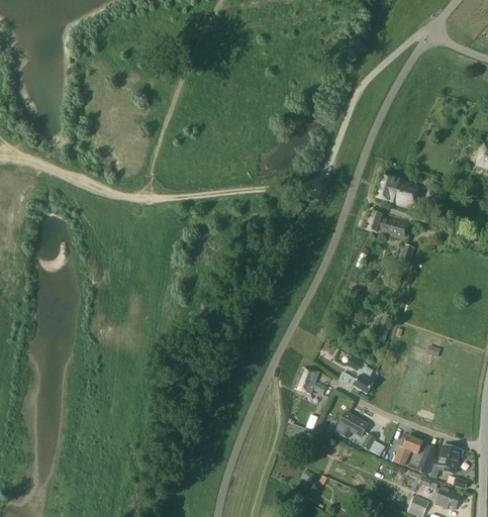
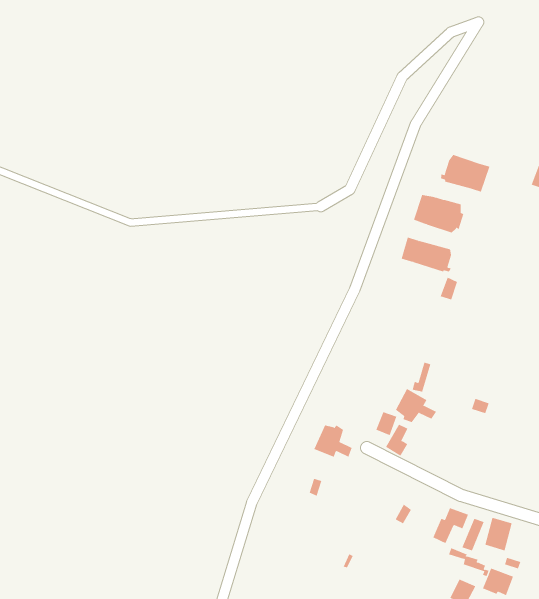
building: none -> [441,154,490,192]
building: none -> [395,388,437,423]
building: [338,411,368,437] -> none

